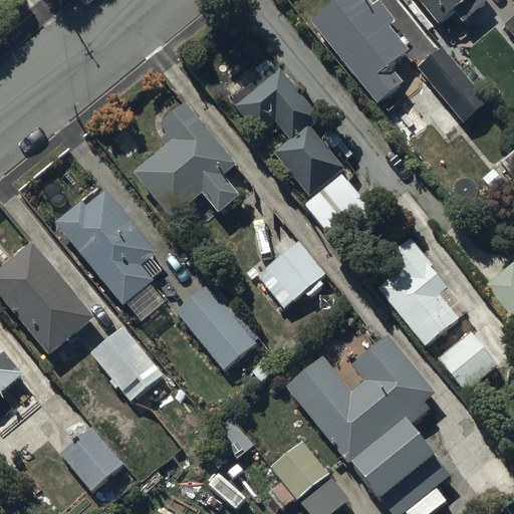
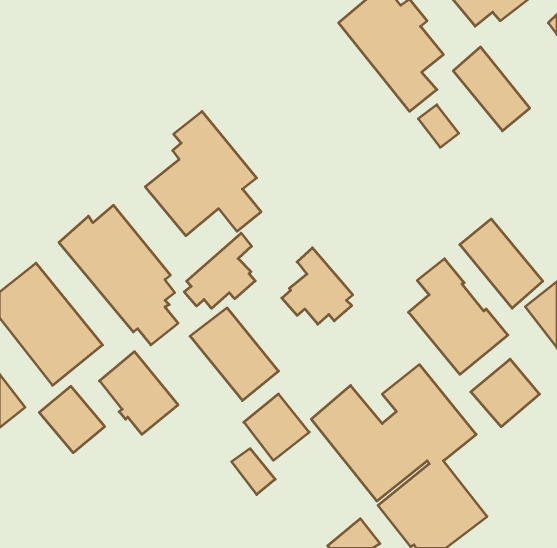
building: [231,62,374,242] -> none
building: none -> [460,219,543,308]
building: none -> [184,233,255,308]
building: [60,427,120,488] -> [39,386,105,453]
building: [269,438,329,499] -> [244,394,309,460]

